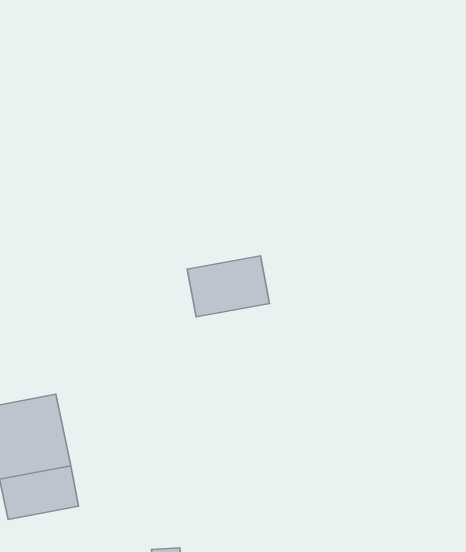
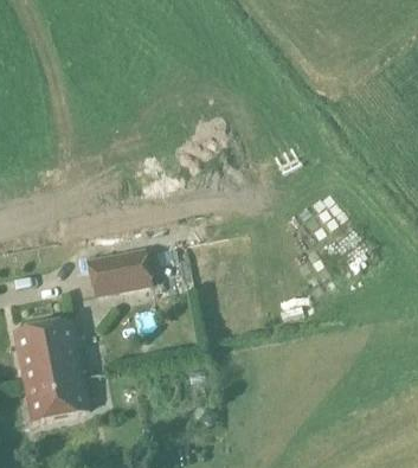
building: [187,256,269,317] -> [88,249,153,297]

